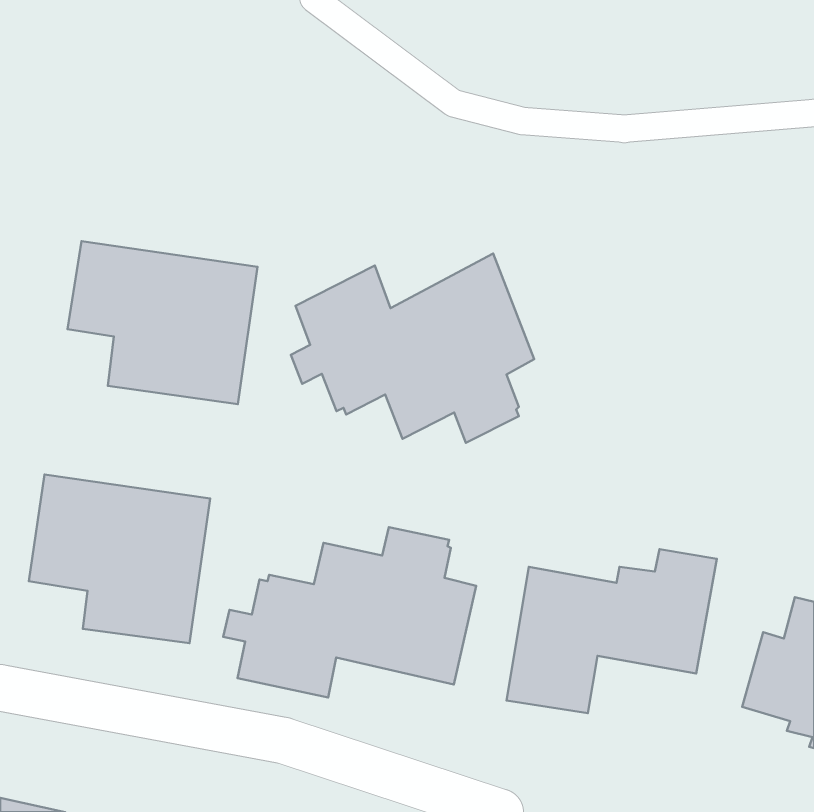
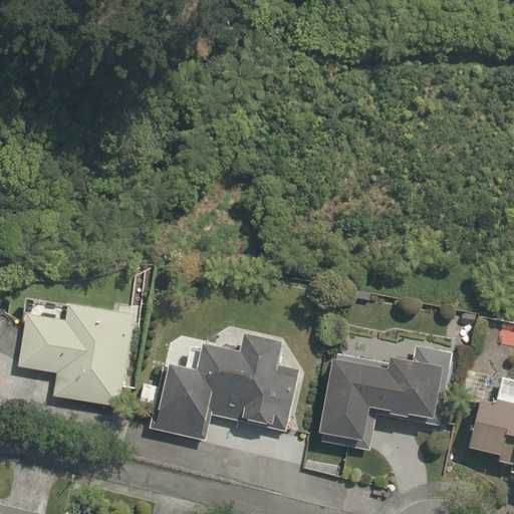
building: [68,241,258,404] -> none
building: [291,254,534,443] -> none

